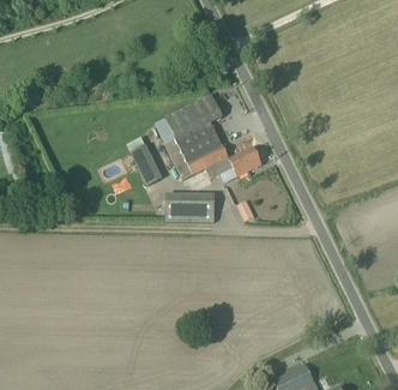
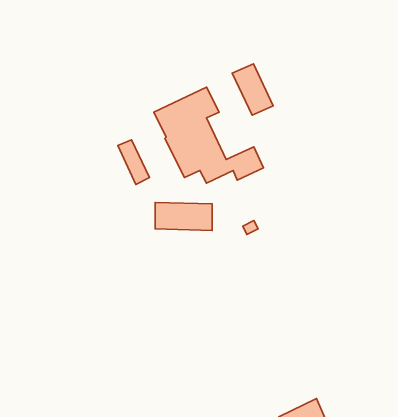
building: none -> [232,64,273,115]

